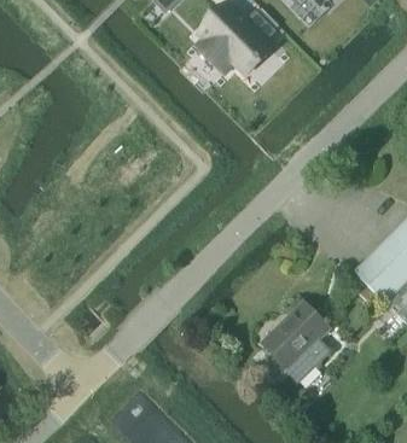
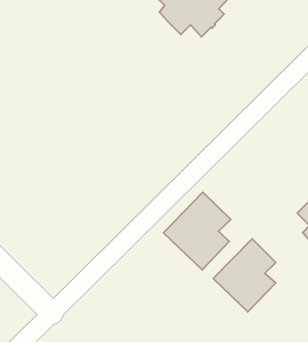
building: none -> [163,192,231,270]

